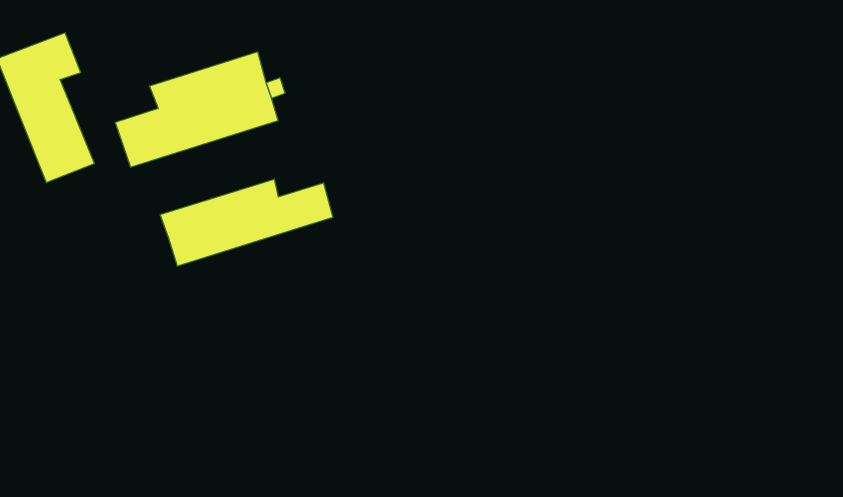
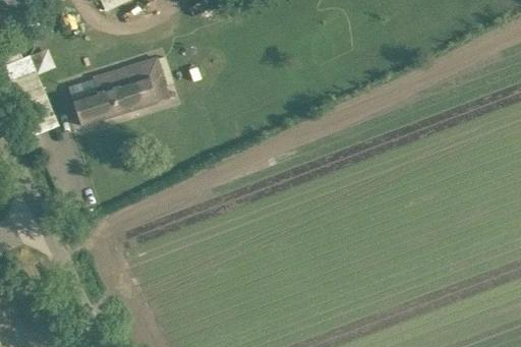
building: [160,179,333,266] -> none

